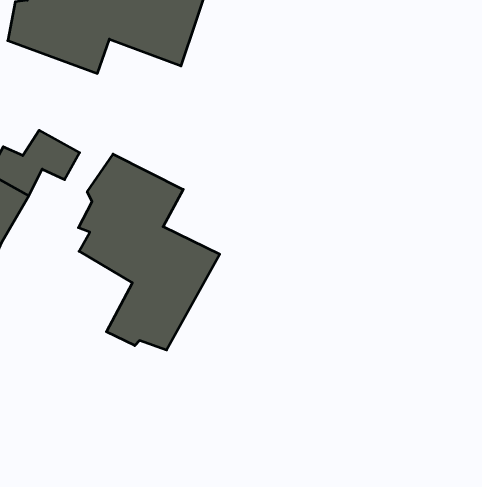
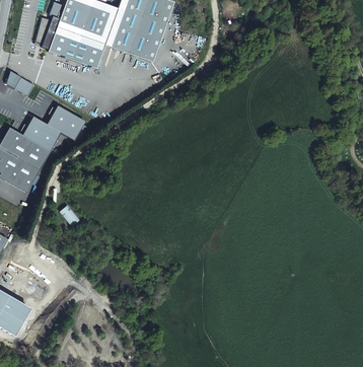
building: [78,154,220,350] -> none

